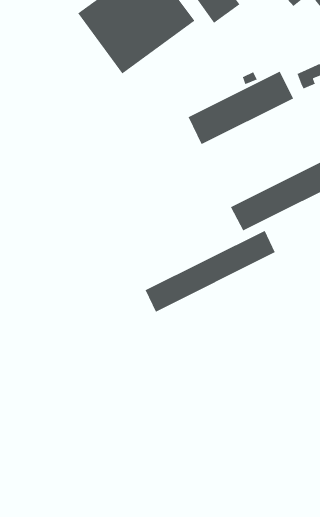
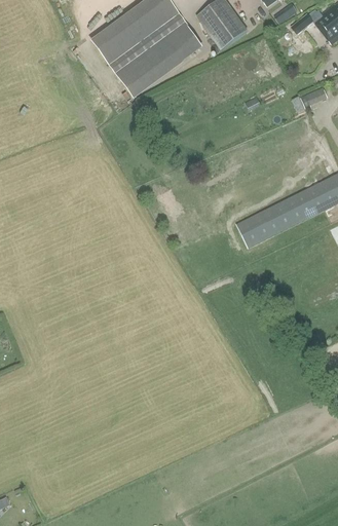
building: [188,70,294,145] -> none
building: [145,230,276,313] -> none

